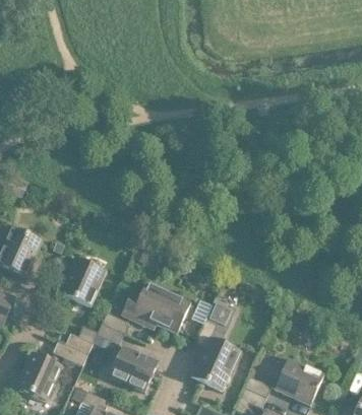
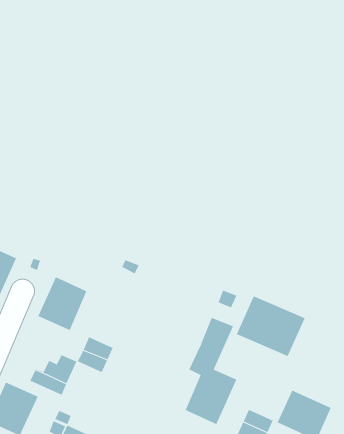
building: none -> [236,295,305,357]
building: [120,285,181,330] -> none
building: [109,347,158,393] -> none

